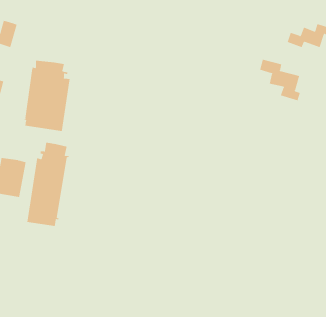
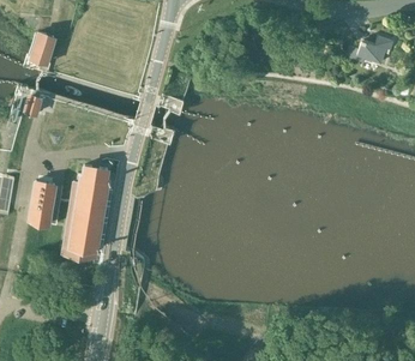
building: [259,59,301,101] -> none
building: [22,60,70,132] -> none

